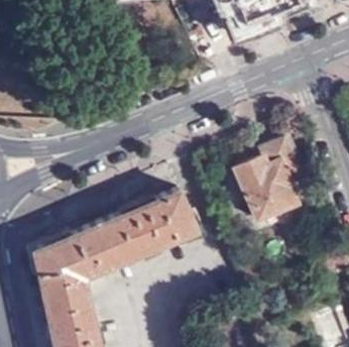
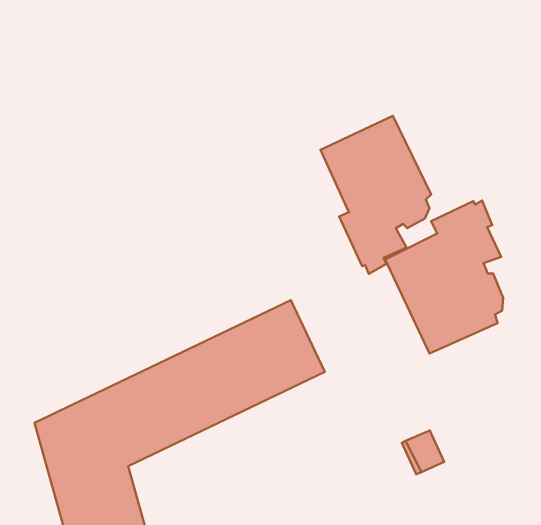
building: none -> [321,116,431,274]

